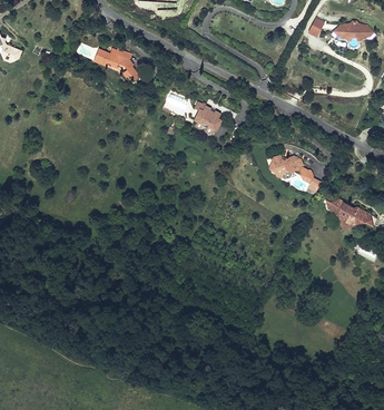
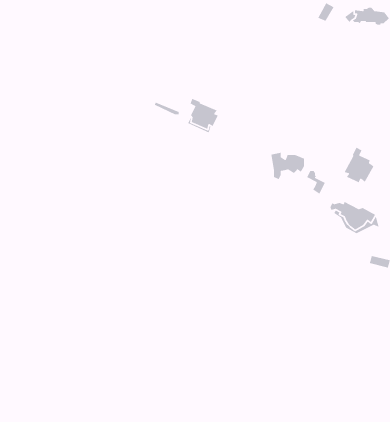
building: [95,48,140,81] -> none
building: none -> [344,146,374,184]

